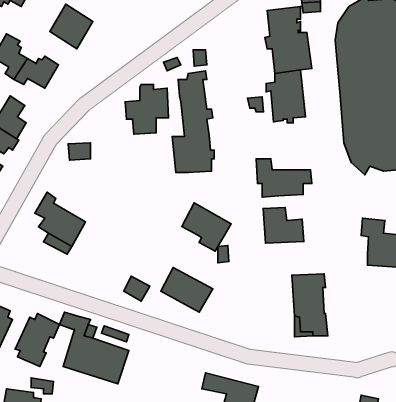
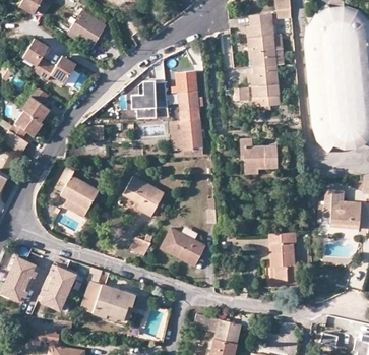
building: [182,203,231,251] -> [122,177,163,217]
building: [263,207,304,243] -> none

